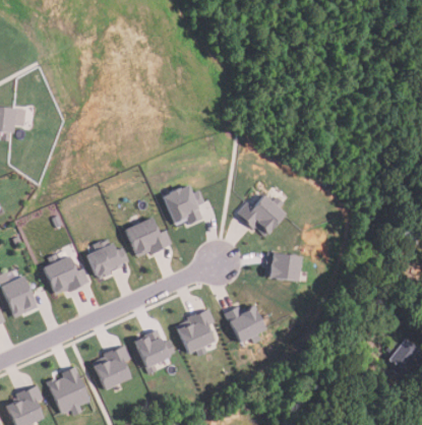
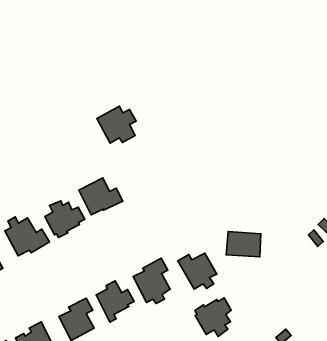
building: [163,185,204,224] -> [97,106,136,143]
building: [236,192,287,236] -> none
building: [263,251,302,281] -> [226,232,261,257]
building: none -> [195,298,231,336]

